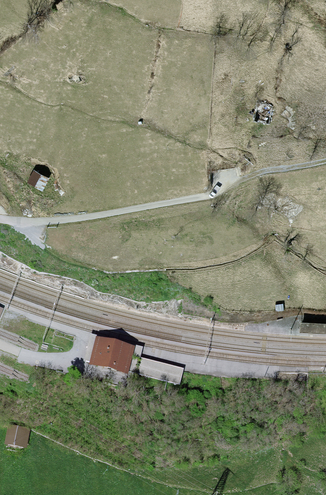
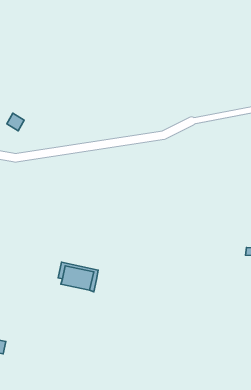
building: [130,357,179,381] -> none

